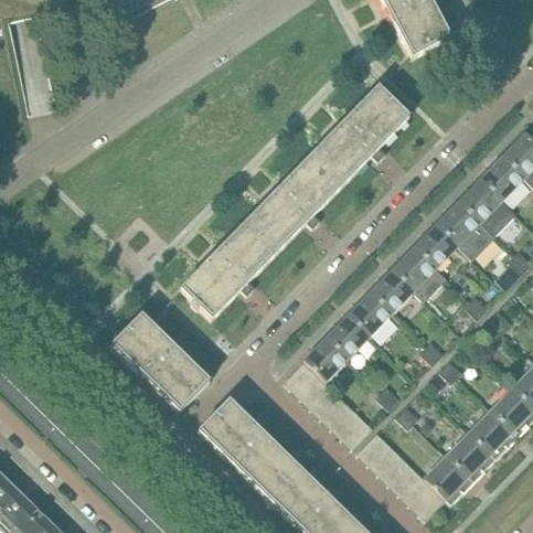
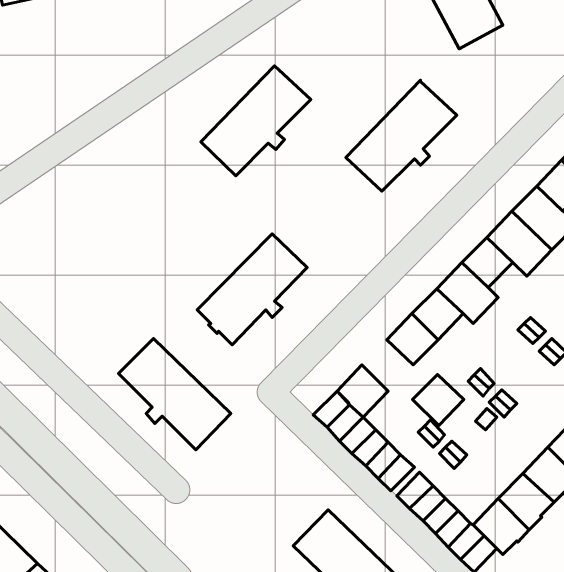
building: [247,151,344,248] -> [201,66,311,176]
building: [327,312,372,358] -> [413,374,464,426]
building: [199,396,297,494] -> none

